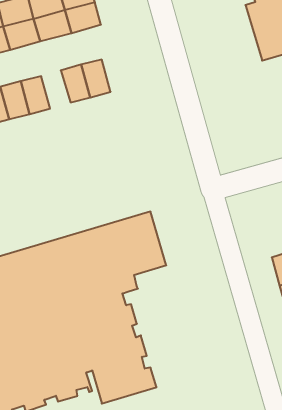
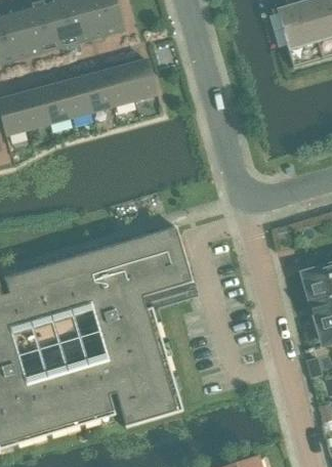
building: none -> [125,60,157,100]
building: none -> [61,78,92,118]

